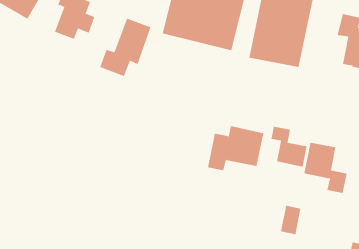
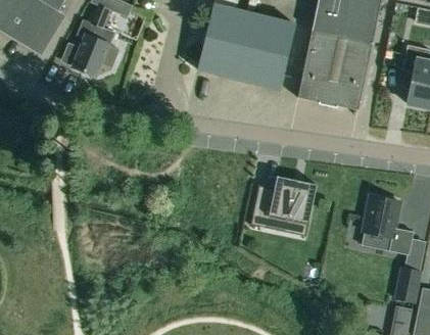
building: [99,18,151,77] -> none
building: [271,126,307,167] -> none
building: [280,205,301,235] -> [395,268,420,302]

